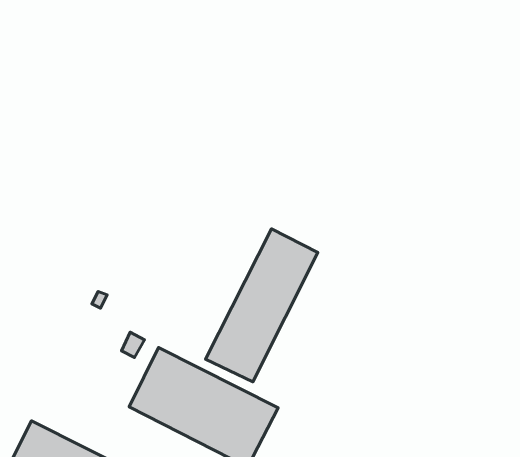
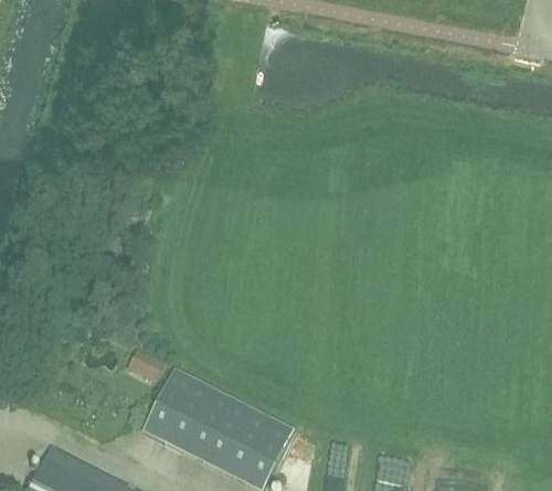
building: [206,229,318,382] -> none

